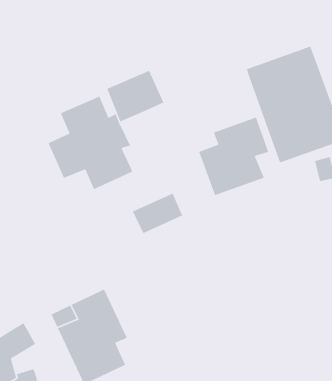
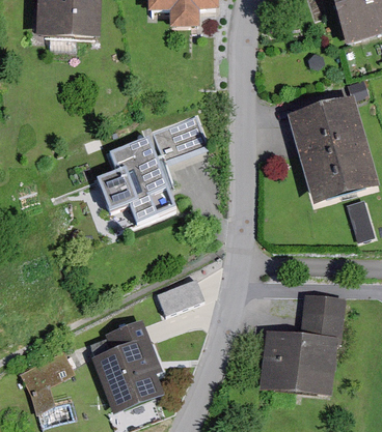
building: [198,117,269,196] -> none
building: [132,192,183,234] -> [155,275,203,313]
building: none -> [261,293,346,398]

